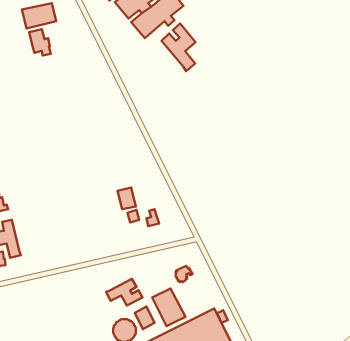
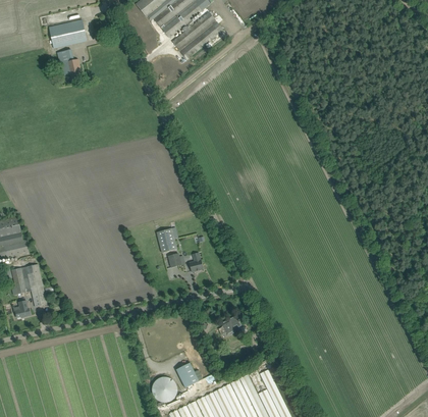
building: [161,23,195,71] -> none
building: [106,279,143,306] -> none
building: [152,289,186,326] -> none

